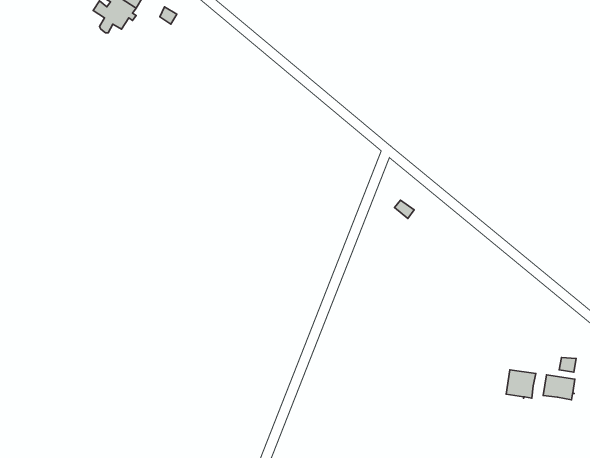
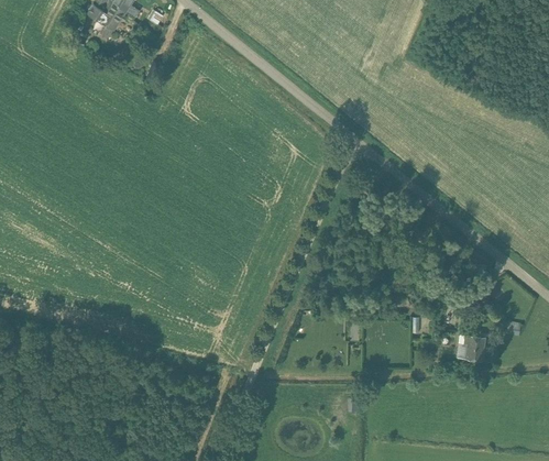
building: [543,375,575,400] -> none

